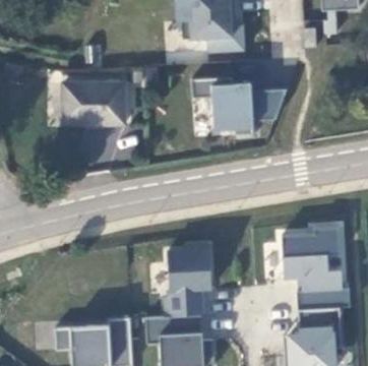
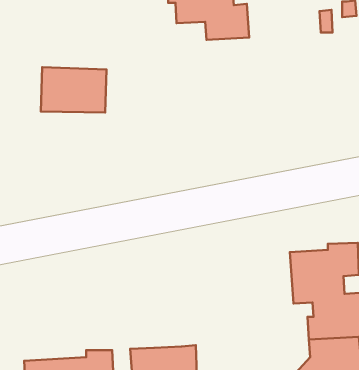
building: [184,74,280,132] -> none
building: [165,242,211,315] -> none

